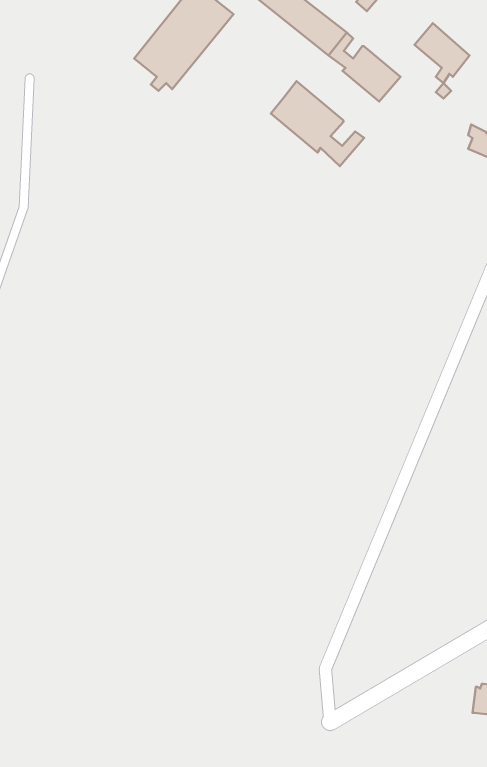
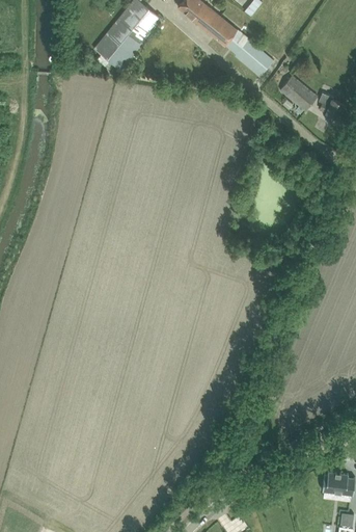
building: [414,23,470,83] -> [280,75,318,115]
building: [271,81,364,166] -> none

